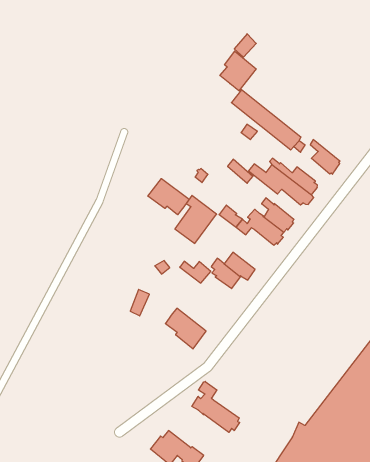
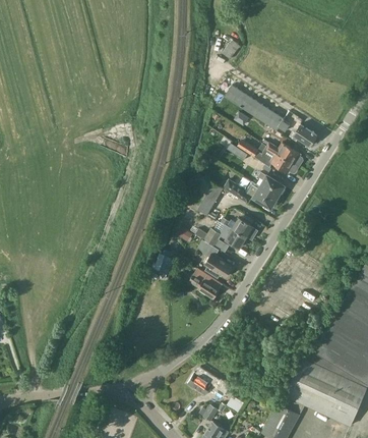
building: [220,51,256,91] -> none
building: [148,179,189,215] -> none
building: none -> [197,240,232,279]
building: [192,381,240,432] -> none

